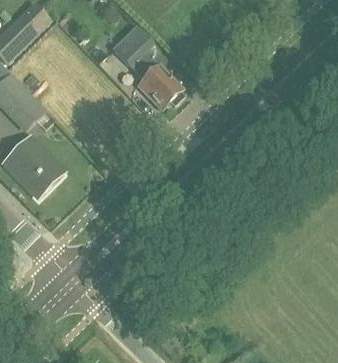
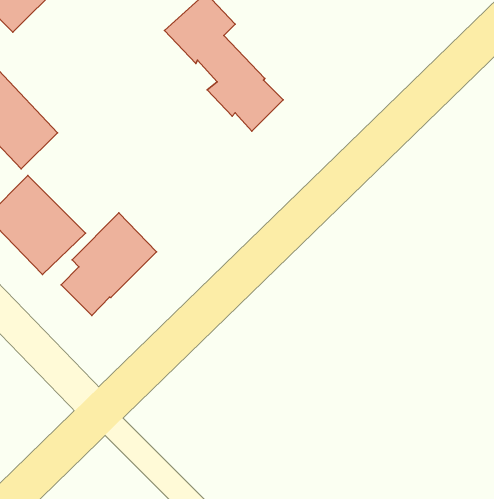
building: none -> [61,213,157,315]

